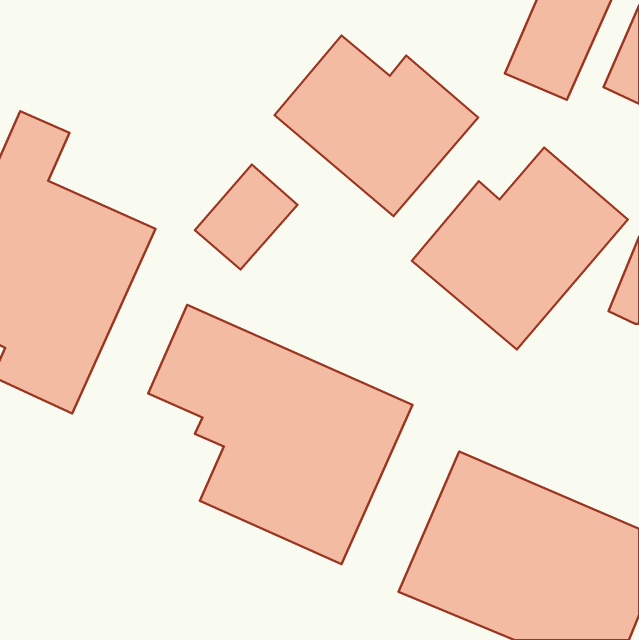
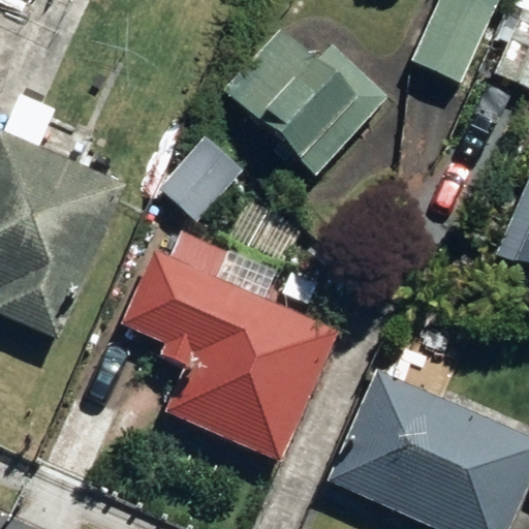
building: [412,147,628,349] -> none

